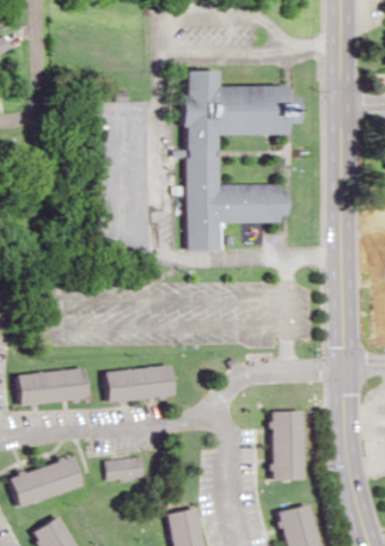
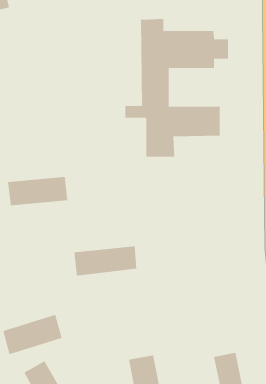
building: [10,369,88,407] -> [7,176,68,206]
building: [270,410,300,478] -> none
building: [108,456,149,483] -> none

